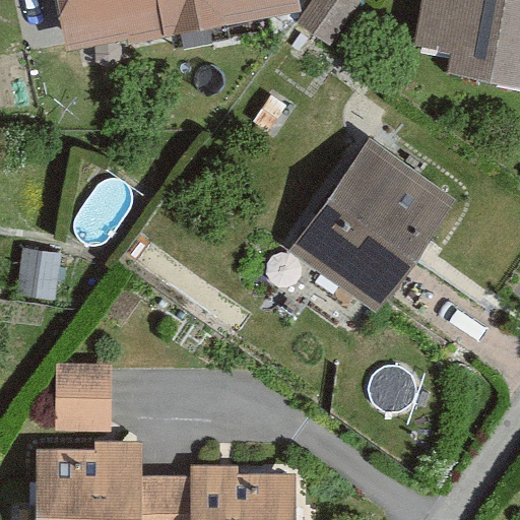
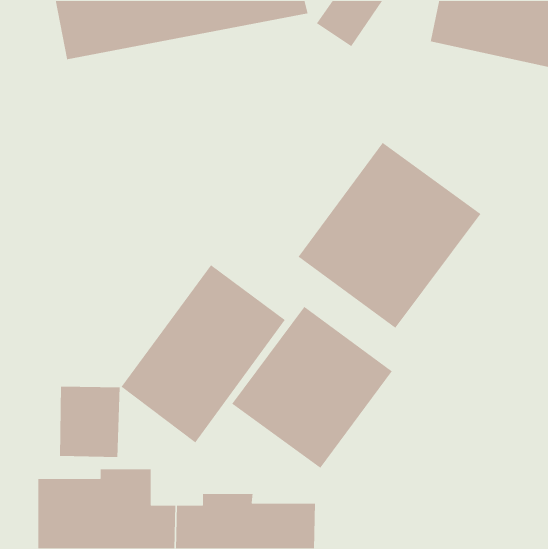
building: none -> [120,264,286,443]
building: none -> [231,306,393,469]

